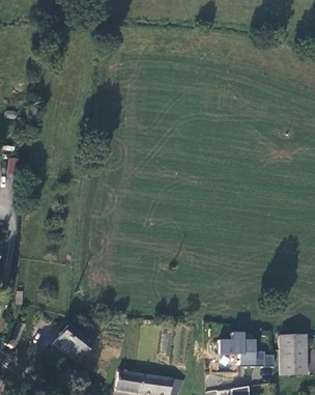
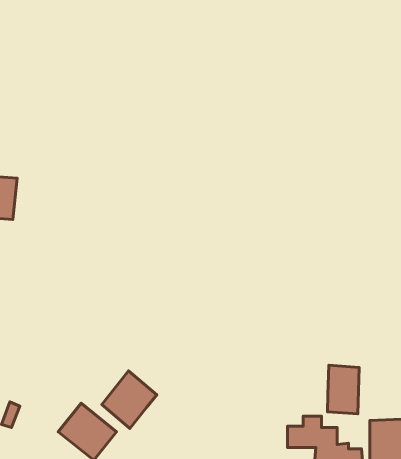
building: none -> [327,365,359,414]
building: none -> [102,371,157,428]

